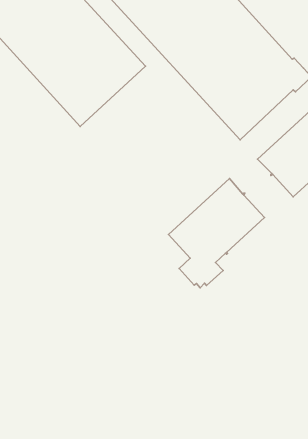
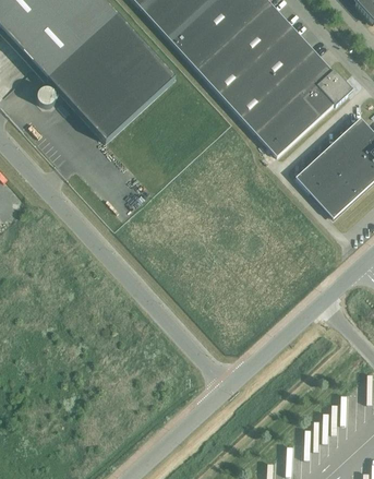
building: [169,178,264,288] -> none

